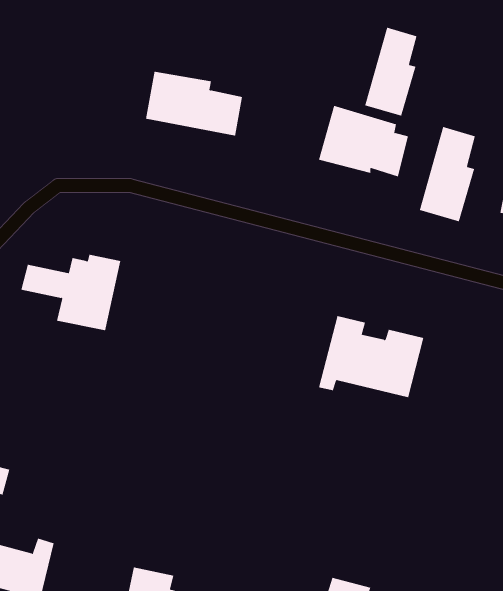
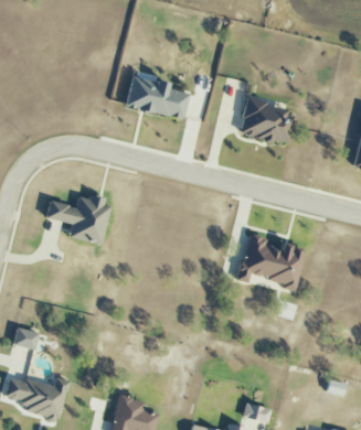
building: [365,27,417,117] -> none
building: [419,126,476,222] -> none

